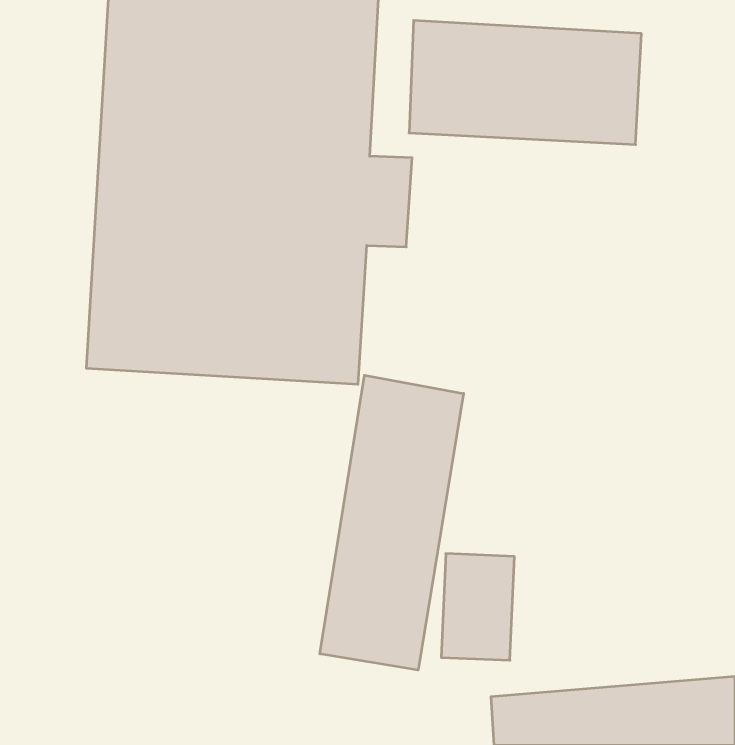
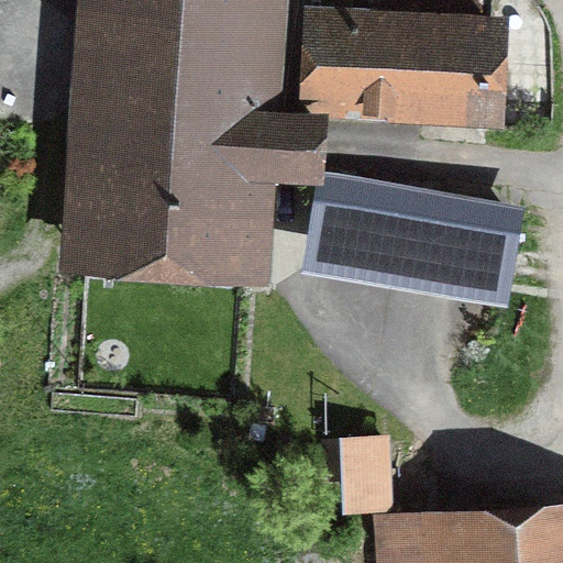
building: none -> [310,175,495,276]
building: [320,375,464,670] -> none

